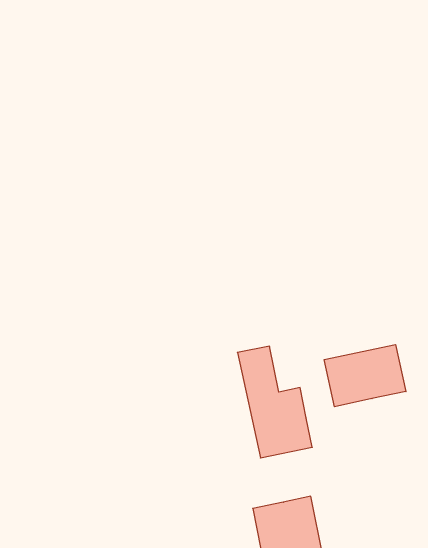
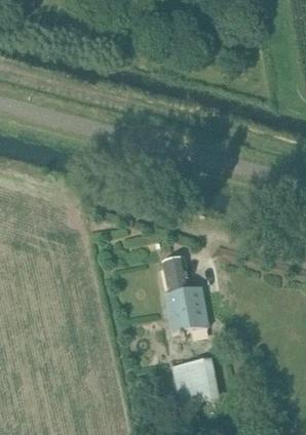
building: [324,345,406,407] -> none

